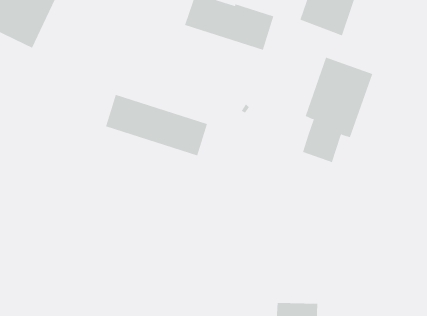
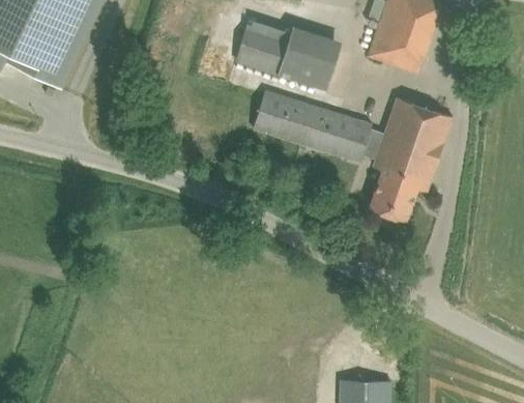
building: [105,94,208,156] -> [253,89,371,161]

